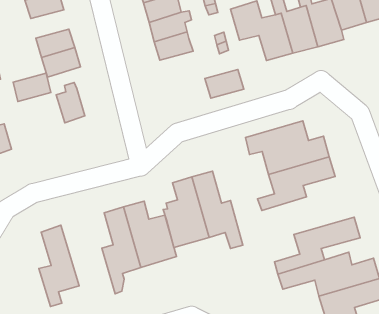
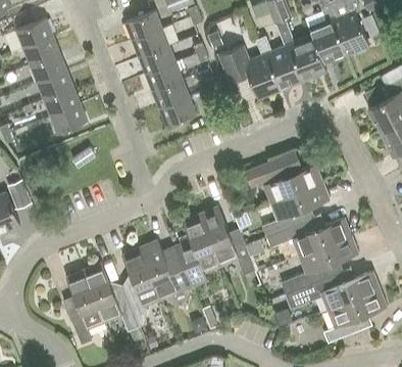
building: [205,70,244,98] -> [159,96,196,125]
building: [13,73,51,101] -> [37,70,72,98]
building: [56,82,85,123] -> none
building: none -> [266,217,352,256]
building: none -> [83,261,139,330]

